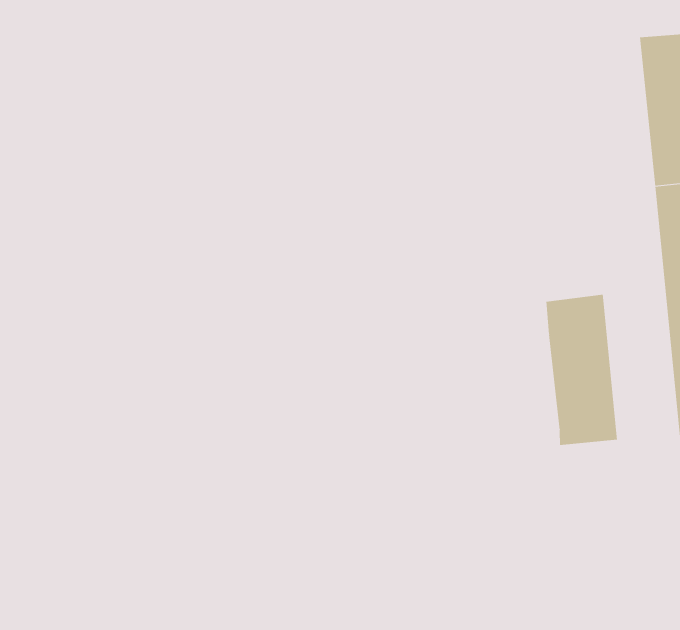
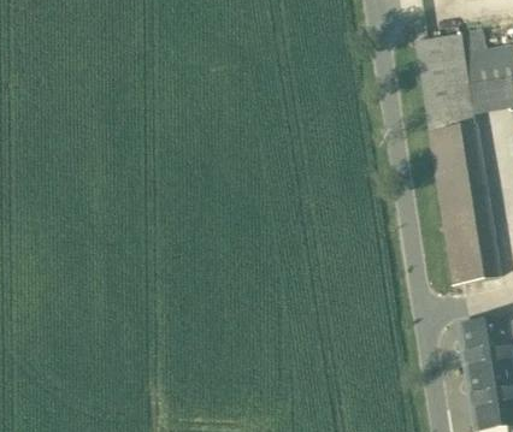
building: [546,294,617,446] -> none

